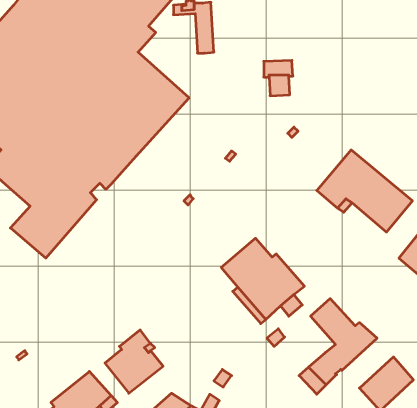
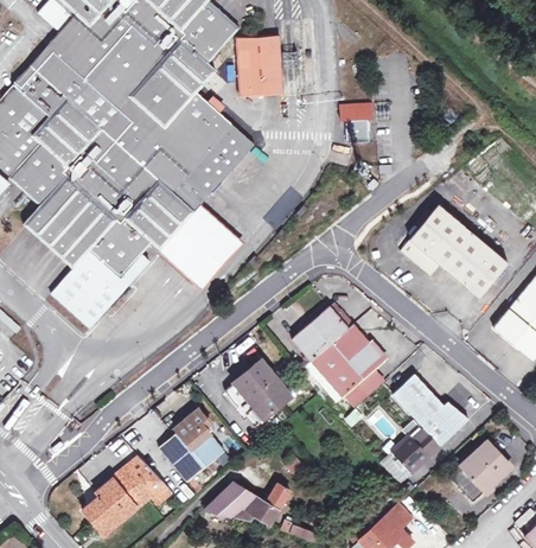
building: none -> [236,49,263,95]
building: none -> [165,211,231,276]
building: none -> [224,359,291,426]

